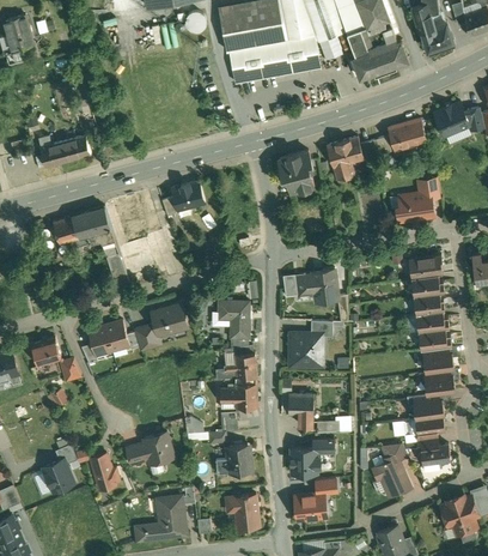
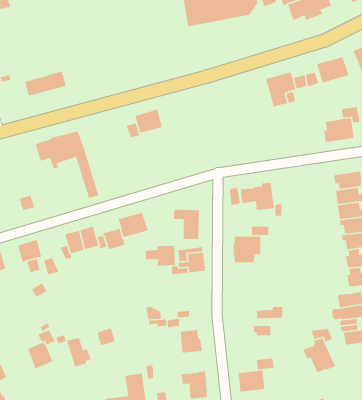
building: [277,151,313,192] -> none
building: [281,381,313,425] -> none
building: [220,383,257,409] -> [145,245,176,266]
building: [142,431,173,464] -> none
building: [291,449,319,473] -> none

